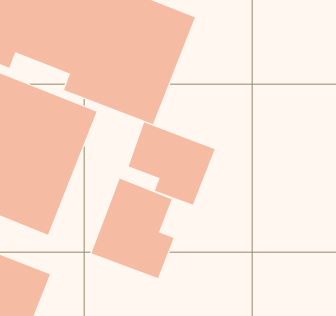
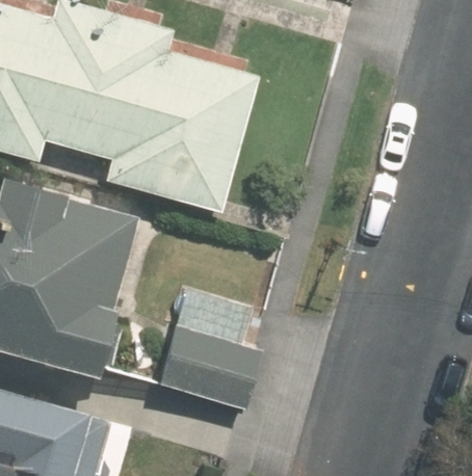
building: [128,121,215,206] -> none

